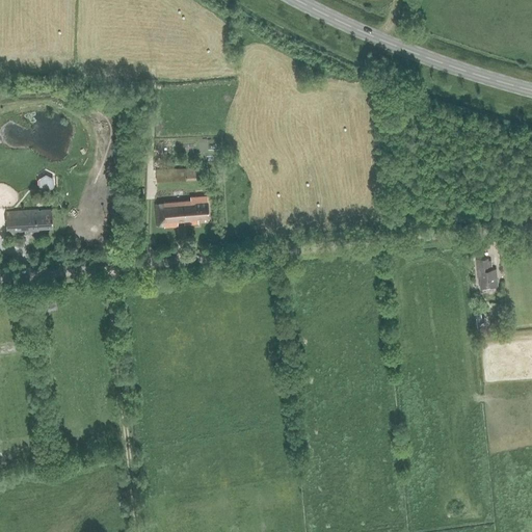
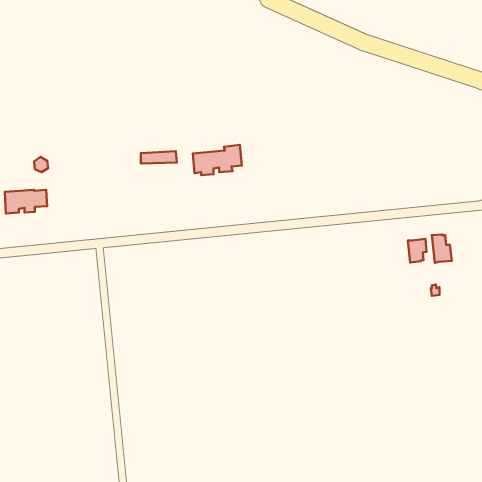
building: [155,194,209,228] -> [193,145,242,175]
building: none -> [408,239,426,263]

